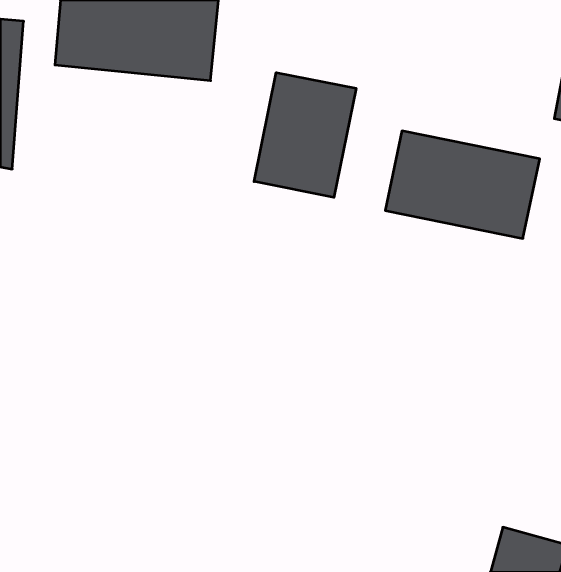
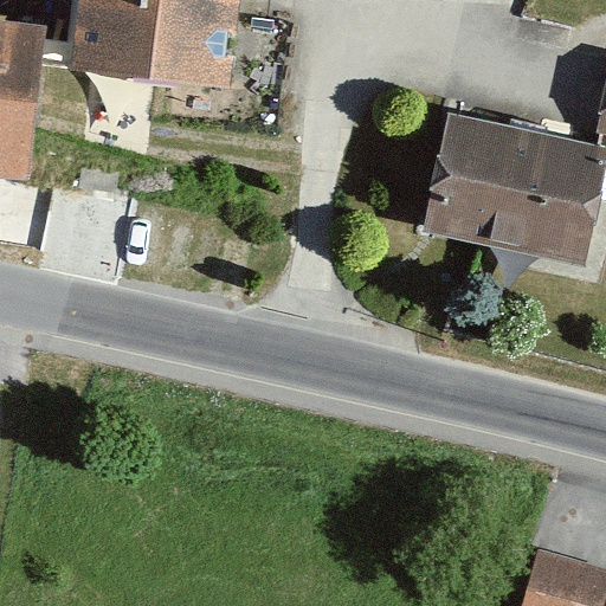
building: [254,73,356,197] -> none

